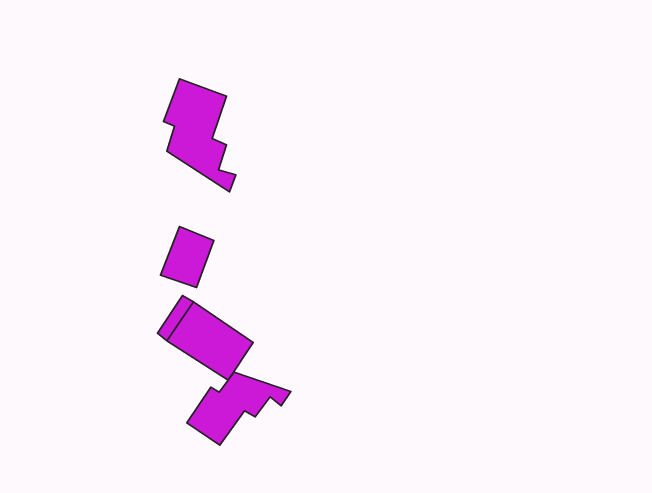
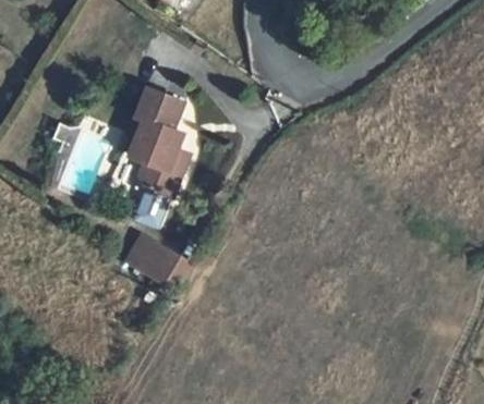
building: none -> [130,134,180,196]
building: [187,372,291,445] -> none

